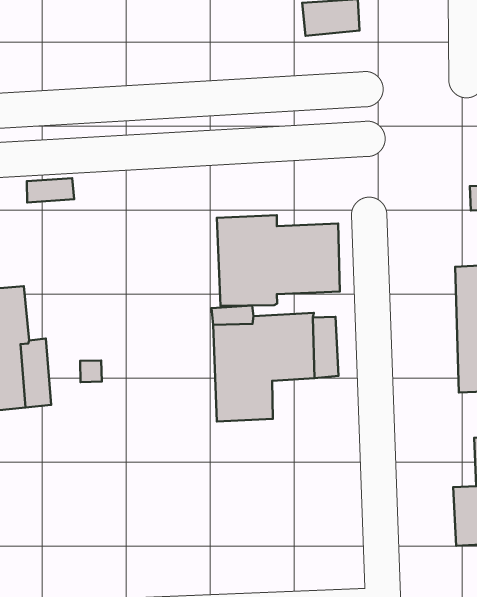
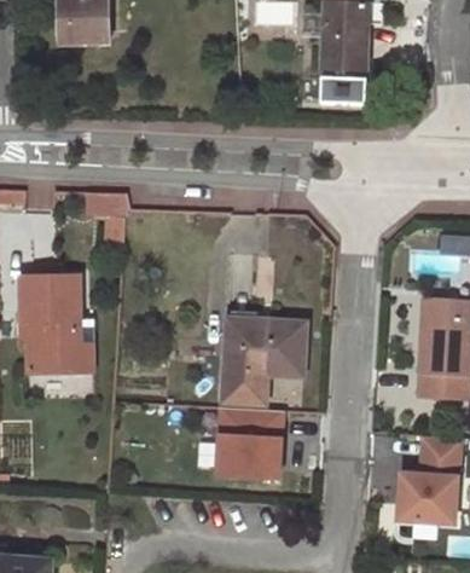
building: [217,215,340,306] -> none
building: none -> [215,406,280,479]

